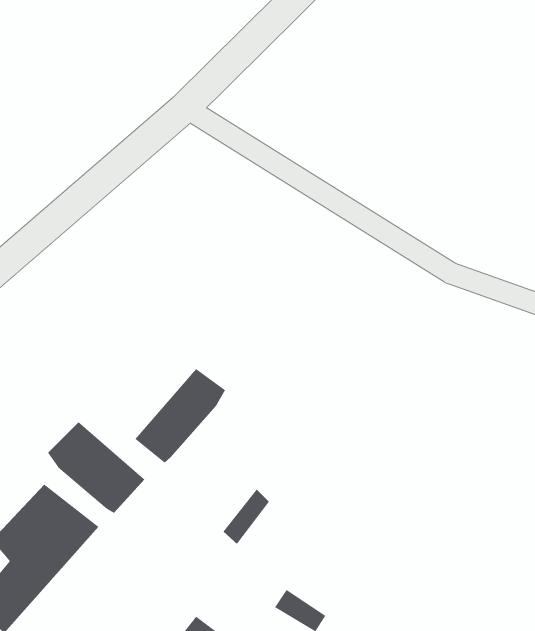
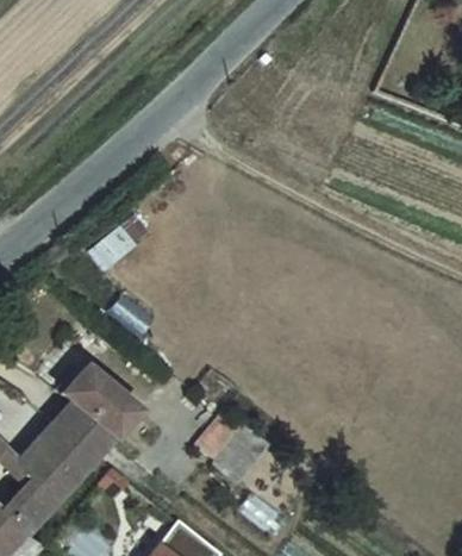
building: [135,368,226,463] -> none

